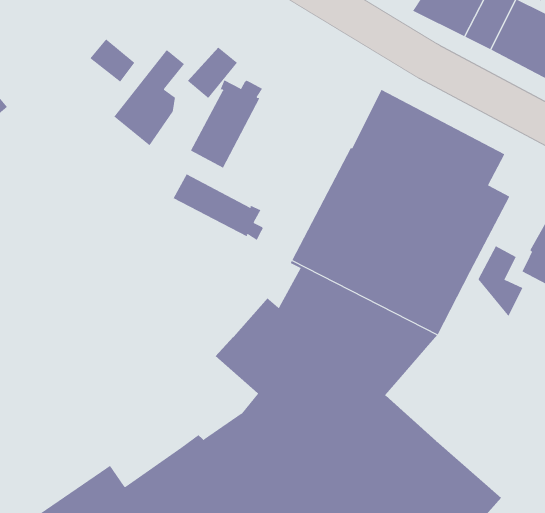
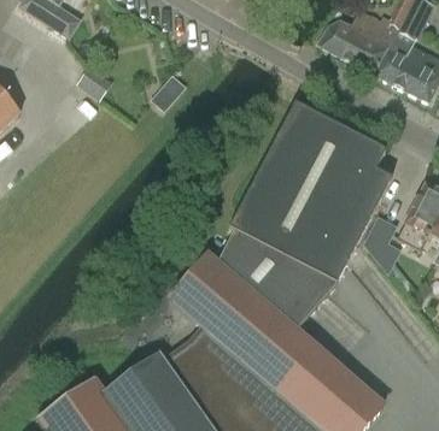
building: [113,49,185,146] -> none
building: [190,79,263,168] -> none
building: [173,173,263,241] -> none

